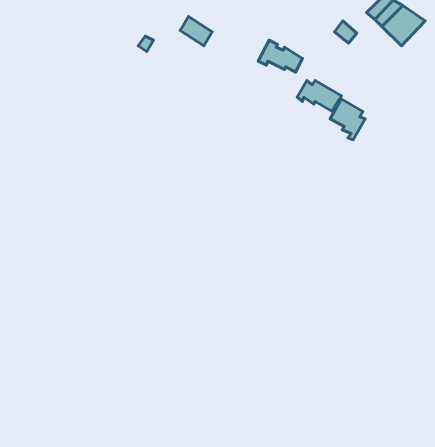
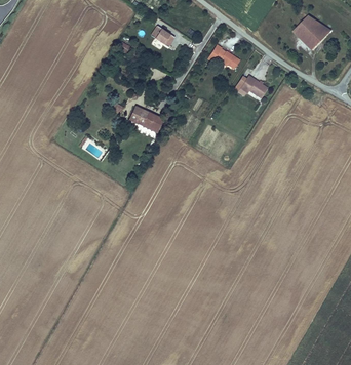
building: [330,99,365,140] -> none
building: none -> [130,106,165,132]

